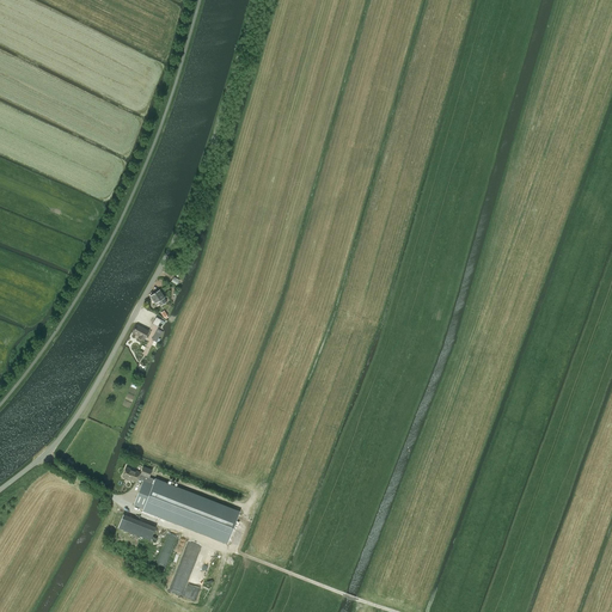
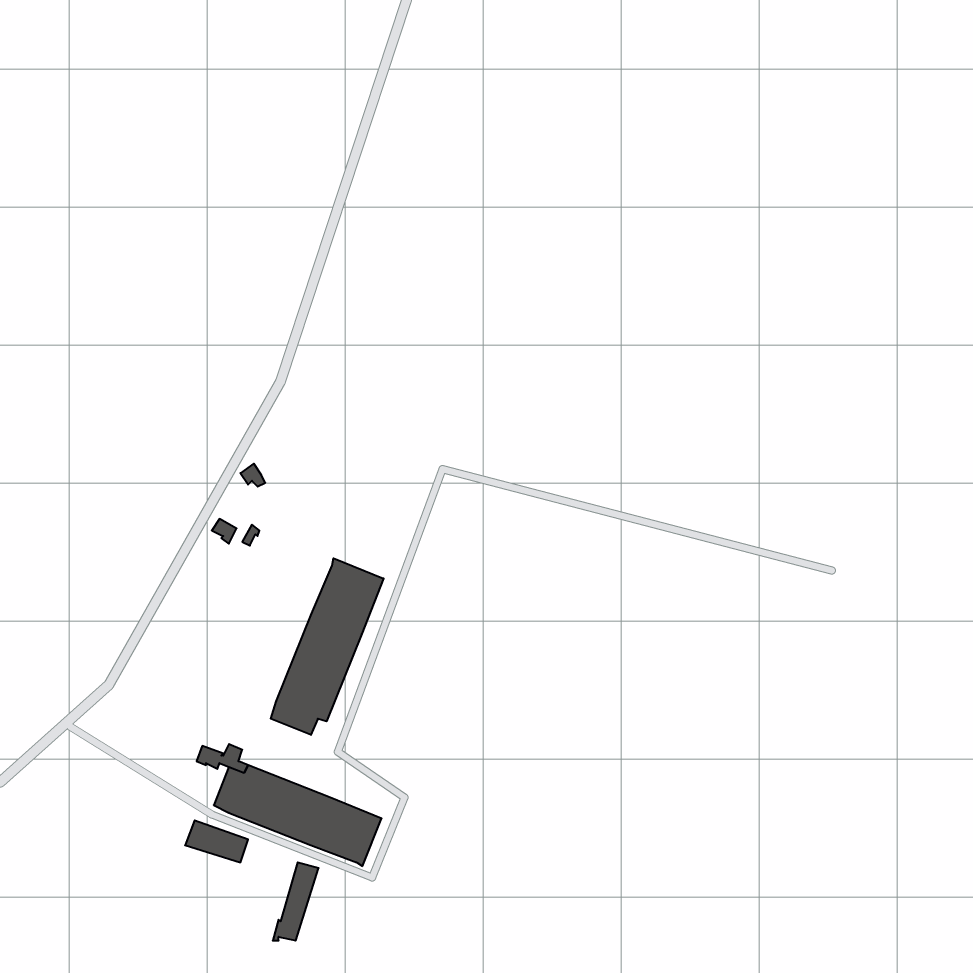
building: none -> [271,558,384,735]

